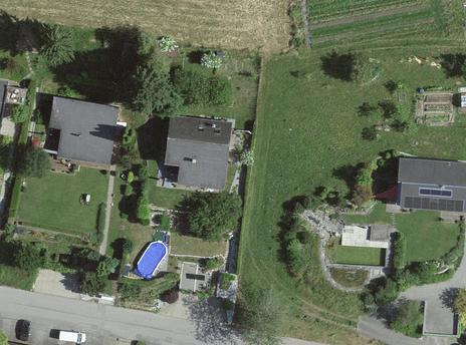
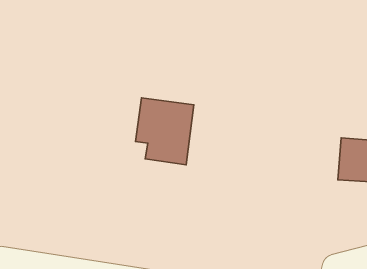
building: [50,99,120,163] -> none

